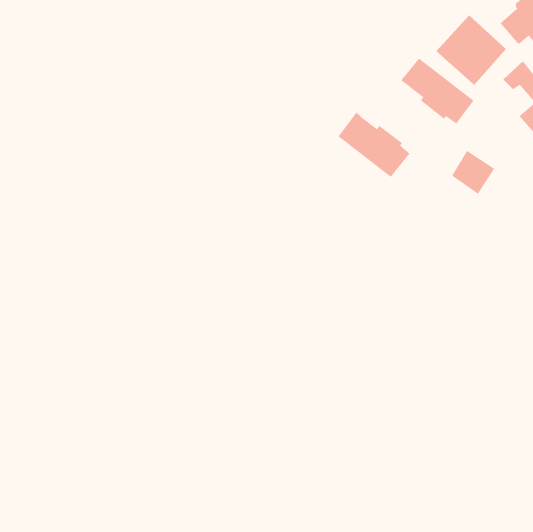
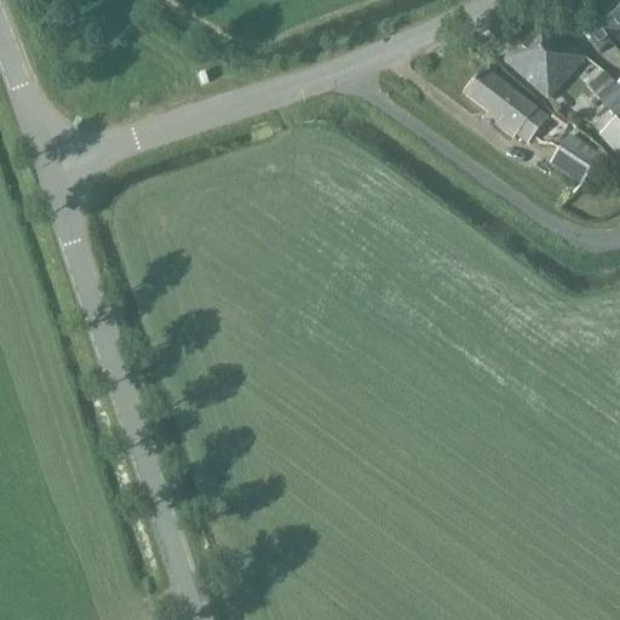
building: [338,112,411,178] -> none
building: [451,150,495,195] -> [553,133,604,185]

